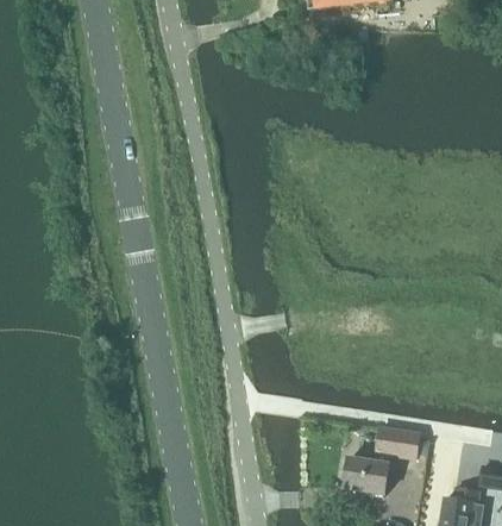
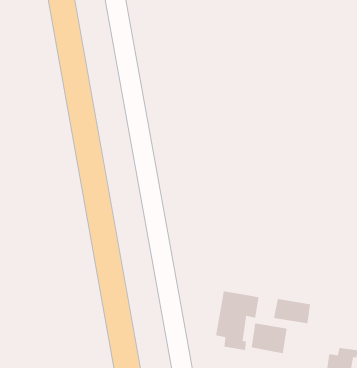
building: none -> [216,290,259,351]

